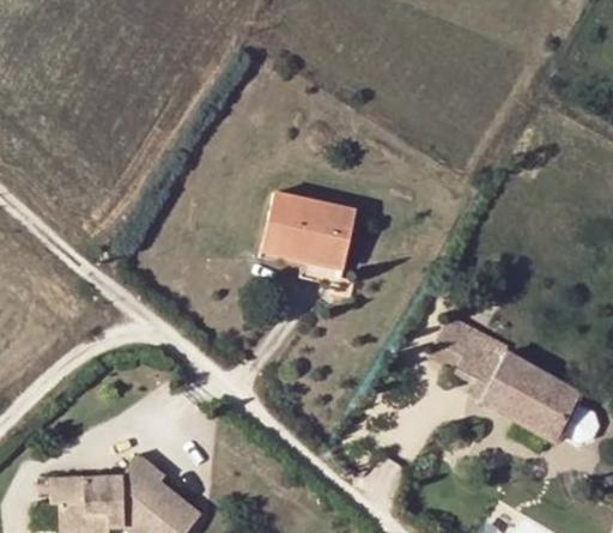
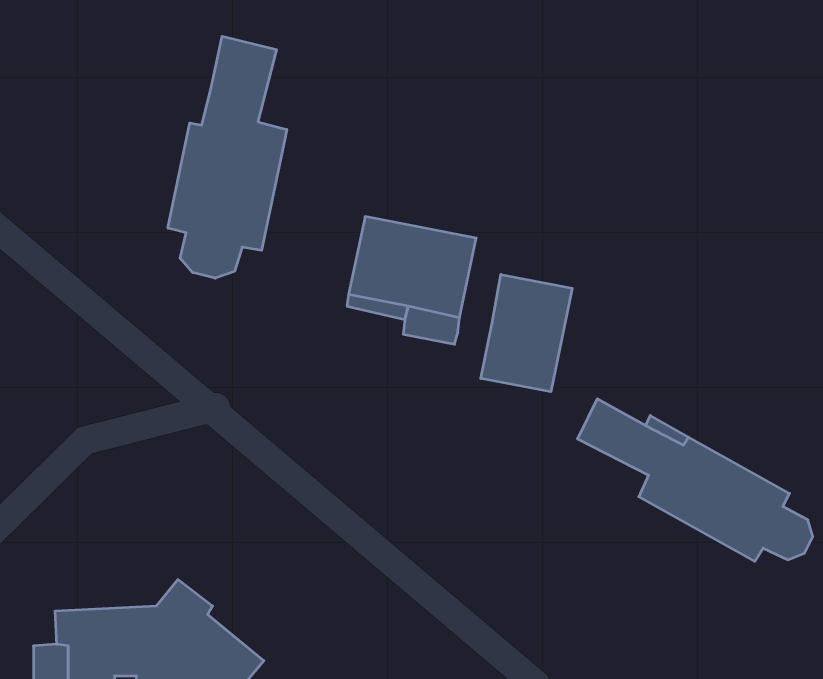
building: none -> [168,36,287,278]
building: none -> [481,274,572,392]

